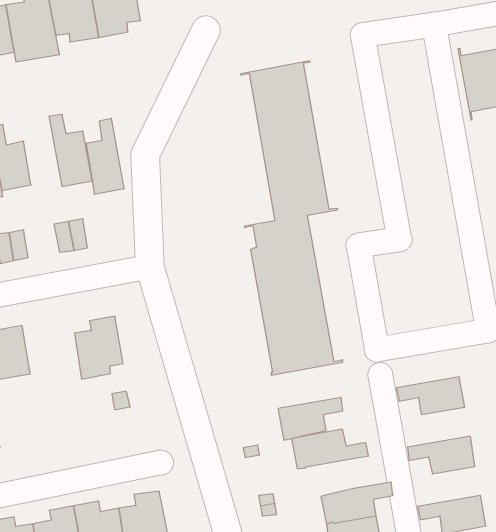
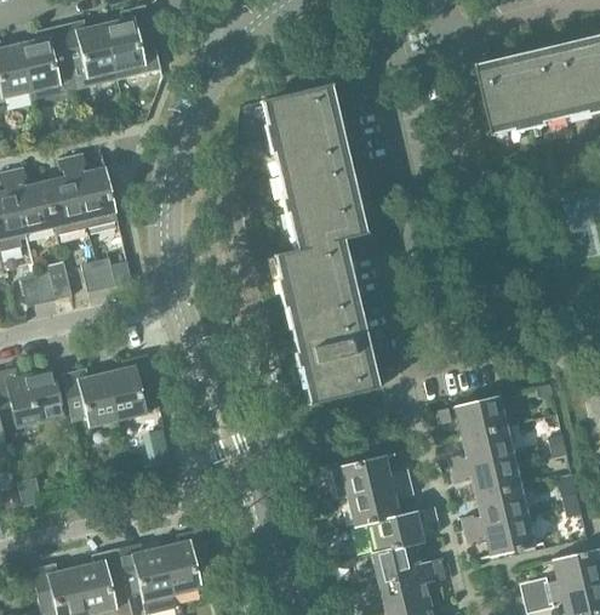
building: [86,118,124,194] -> [45,155,86,233]
building: none -> [61,369,116,426]
building: [278,398,343,440] -> [348,482,413,528]
building: none -> [446,427,513,471]
building: none -> [461,486,526,530]

